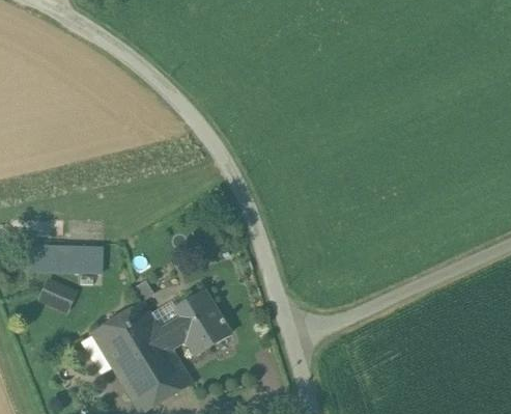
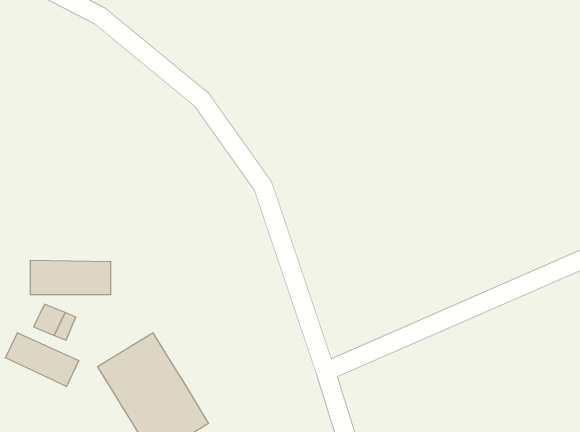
building: [158,293,228,354] -> none
building: none -> [6,333,79,387]

